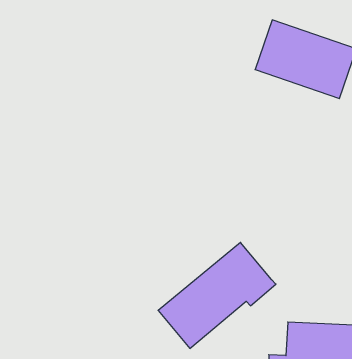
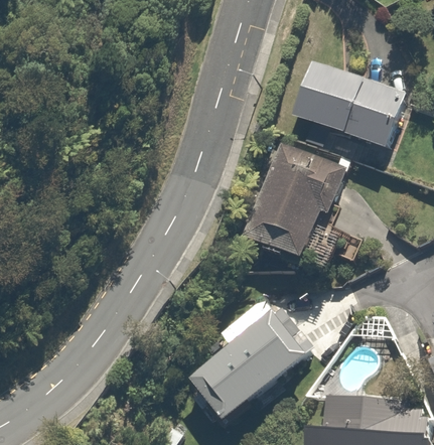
building: none -> [251,139,343,267]

